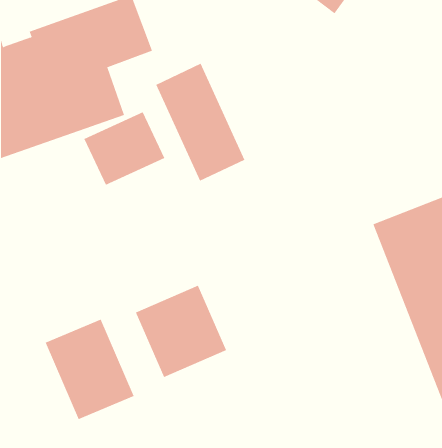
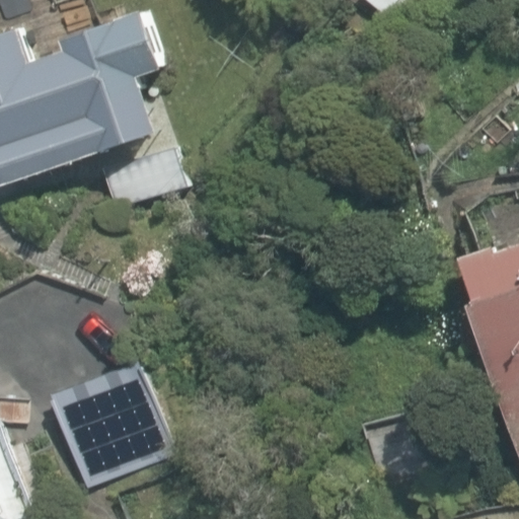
building: [155,63,245,182] -> none
building: [135,285,227,378] -> none

